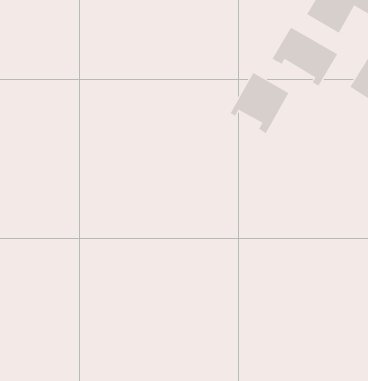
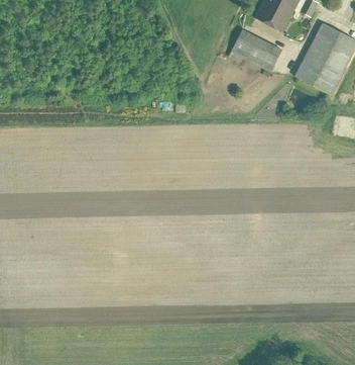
building: [230,72,289,134] -> none

